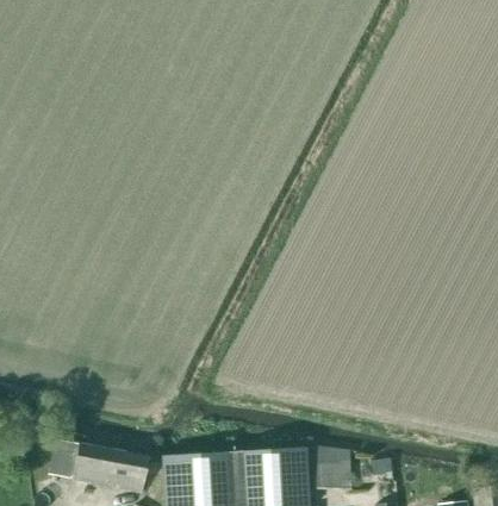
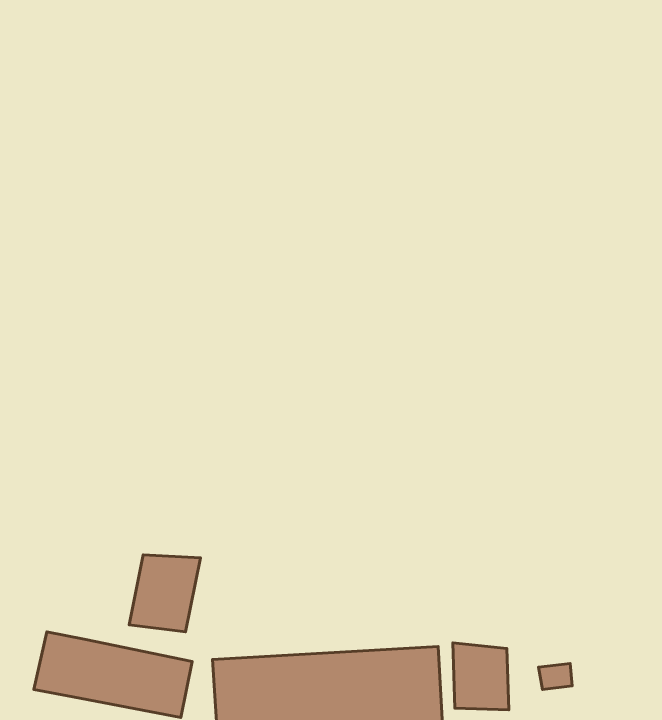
building: none -> [129,555,200,632]

